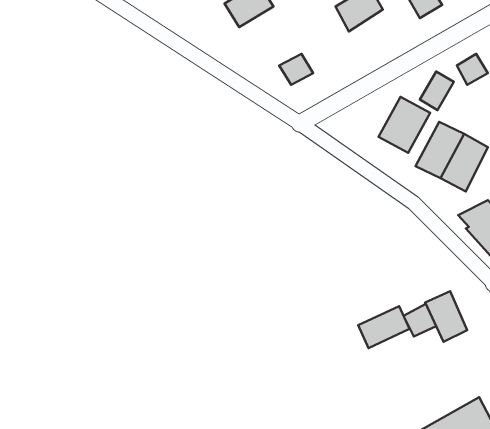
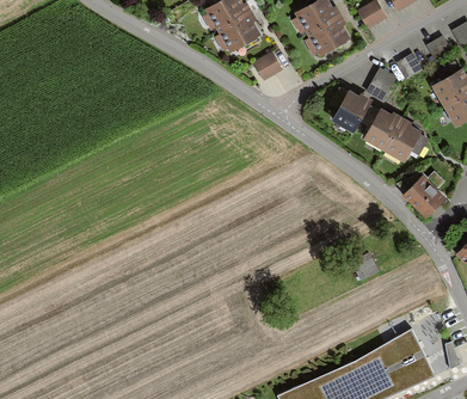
building: none -> [221,16,259,51]
building: none -> [309,18,349,54]
building: [425,291,467,342] -> none
building: [358,306,409,348] -> none

